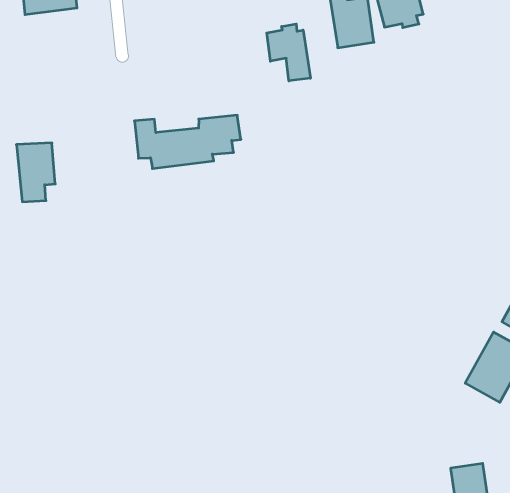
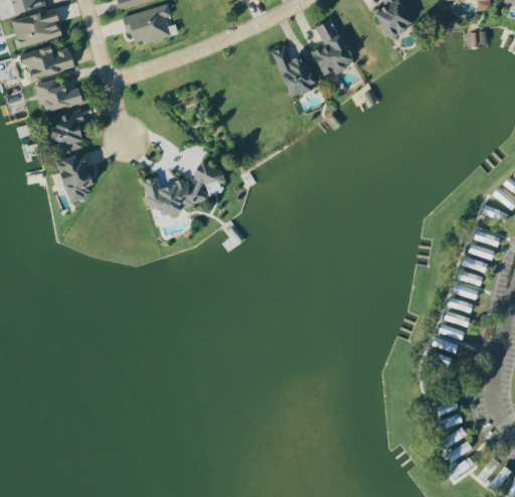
building: none -> [49,111,85,151]
building: [267,24,310,81] -> none
building: [16,143,55,202] -> [58,154,94,203]

